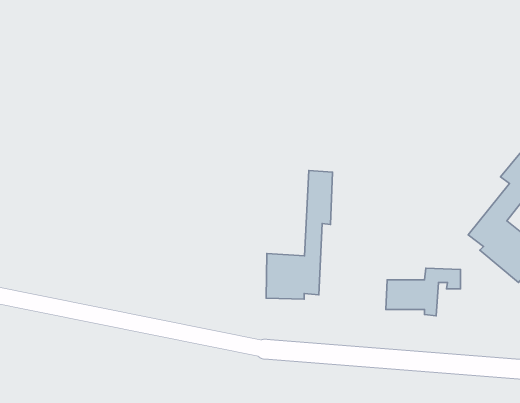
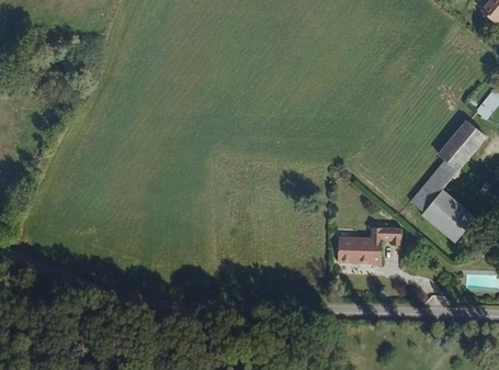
building: [266,170,333,299] -> none

